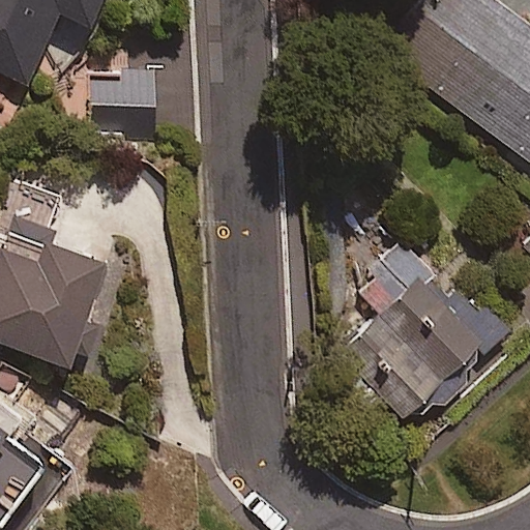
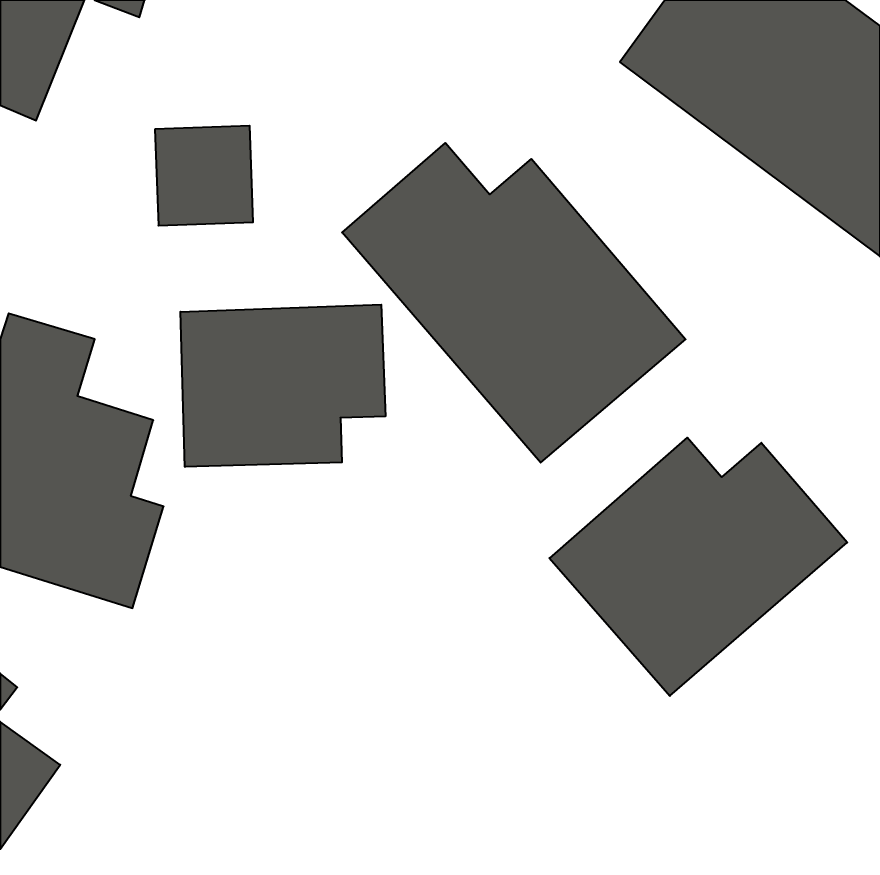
building: none -> [342,143,686,463]
building: none -> [180,305,385,467]

